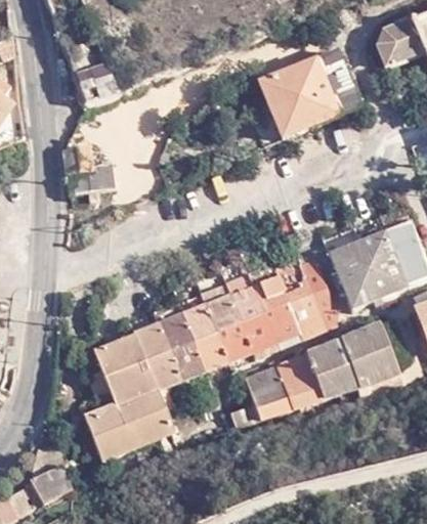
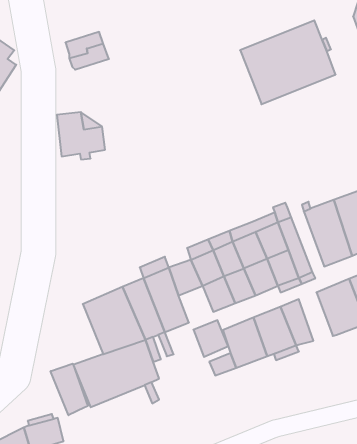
building: [194,332,230,370] -> [193,320,228,357]
building: [322,339,357,390] -> none
building: none -> [51,364,88,415]

